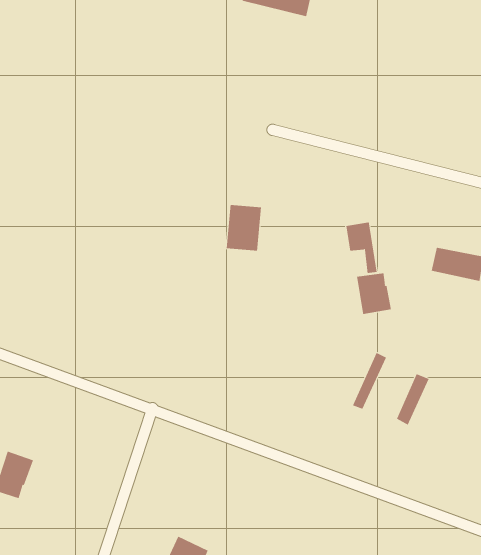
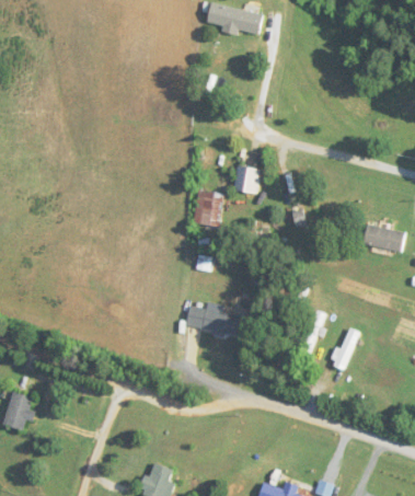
building: none -> [232,165,261,194]
building: [357,272,392,315] -> none
building: none -> [185,305,240,338]

